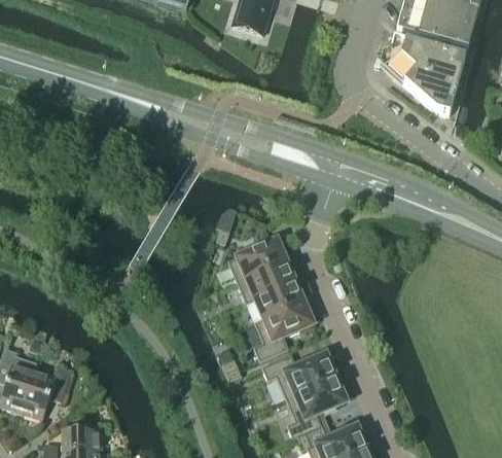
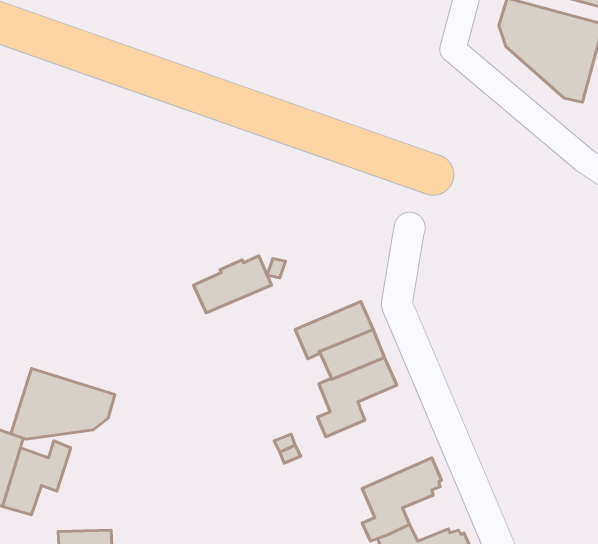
building: [228,239,286,281] -> [193,256,272,313]
building: none -> [11,369,115,439]
building: [262,353,338,398] -> none

